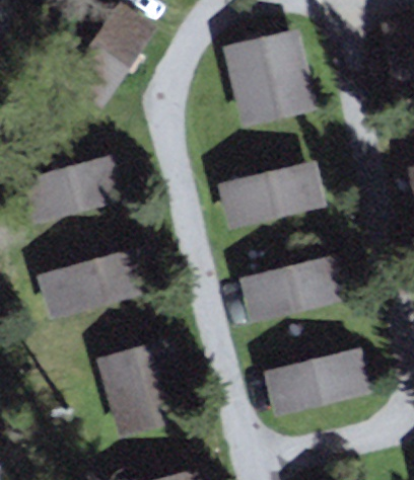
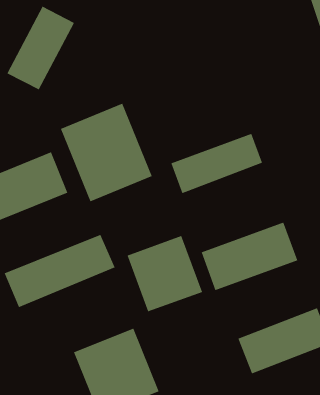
building: [224,36,307,119] -> none
building: none -> [60,103,153,202]
building: none -> [127,235,203,312]

